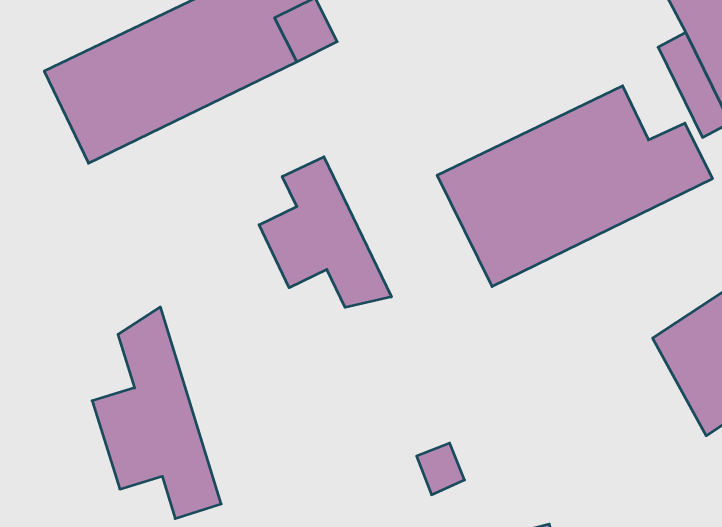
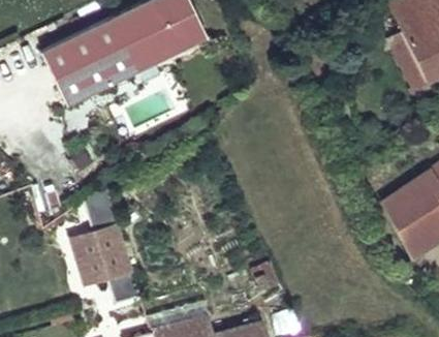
building: [437,86,712,287] -> none
building: [259,157,391,307] -> none

